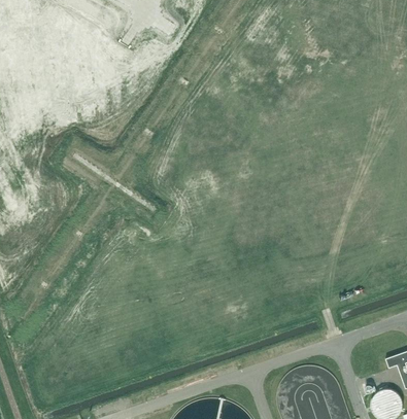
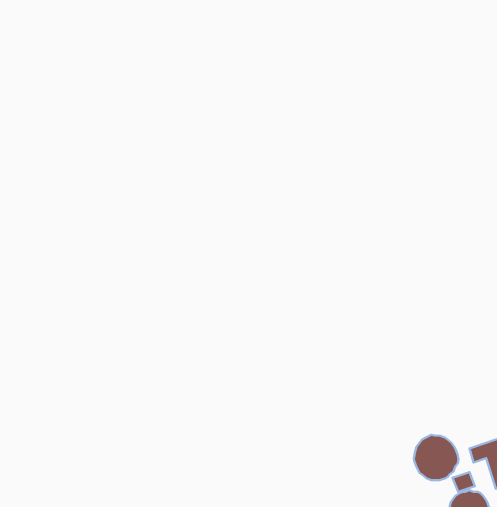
building: none -> [414,435,458,480]

